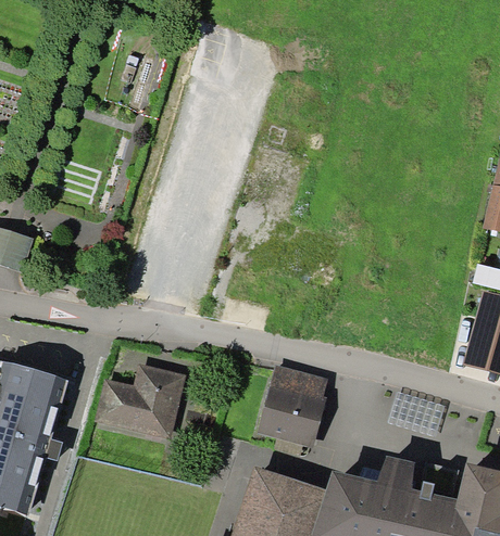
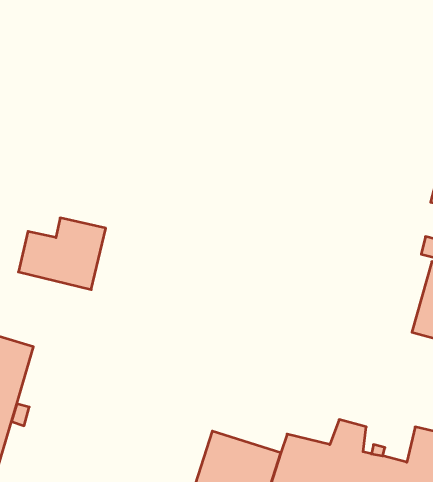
building: [95,365,186,439] -> [18,218,106,290]
building: [258,365,328,447] -> none

